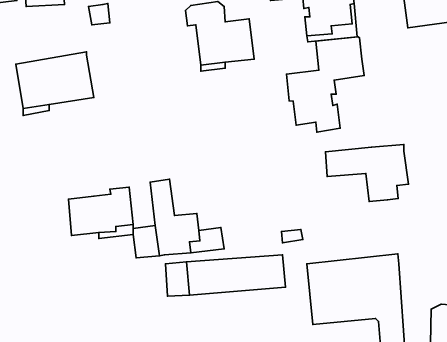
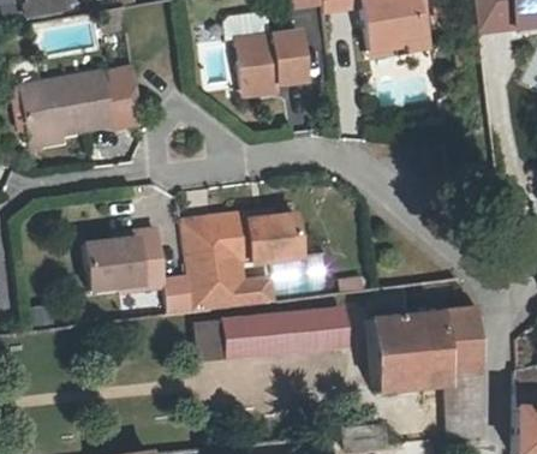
building: [287,37,364,132] -> none
building: none -> [105,67,141,125]
building: [325,145,408,202] -> none
building: none -> [203,214,296,262]

